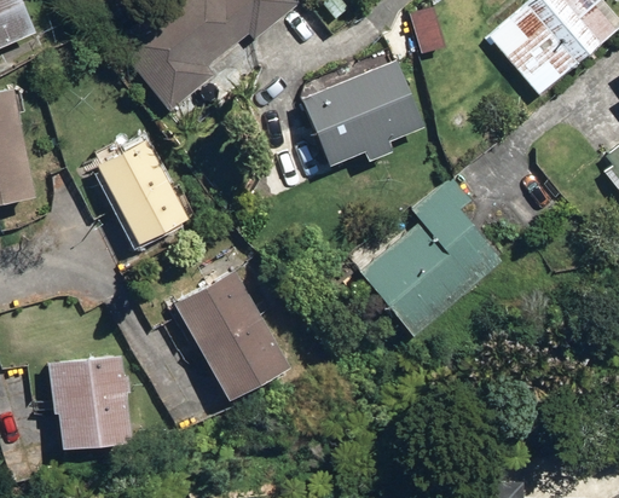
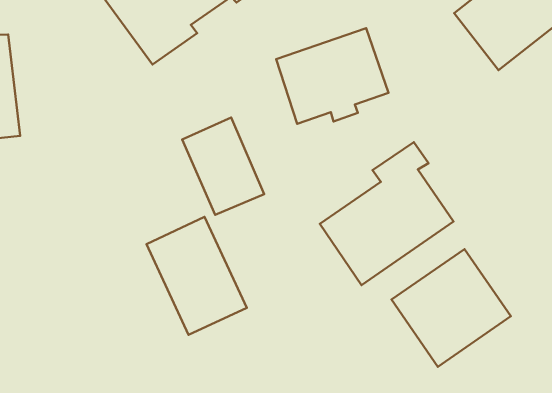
building: [96,139,186,244] -> [182,117,264,215]
building: none -> [392,249,511,367]
building: [48,354,129,447] -> none

